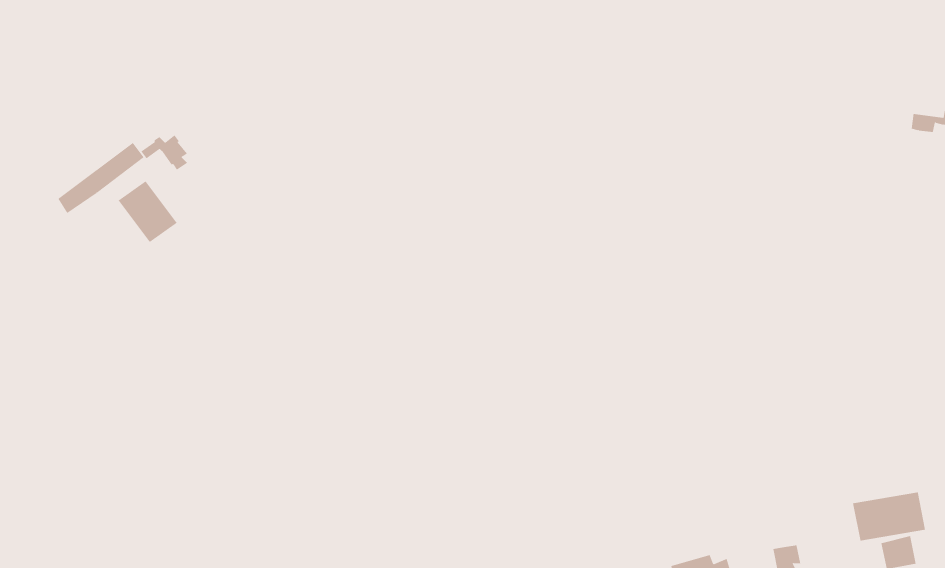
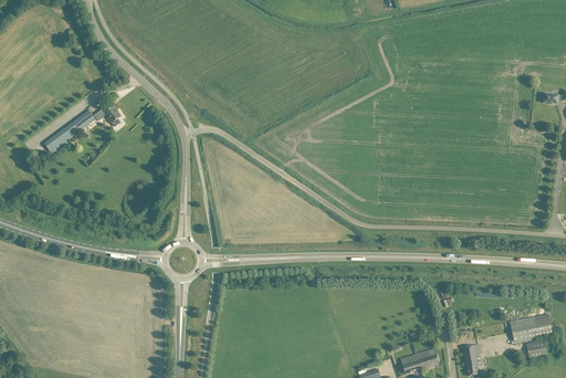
building: [118,180,178,243] -> none

